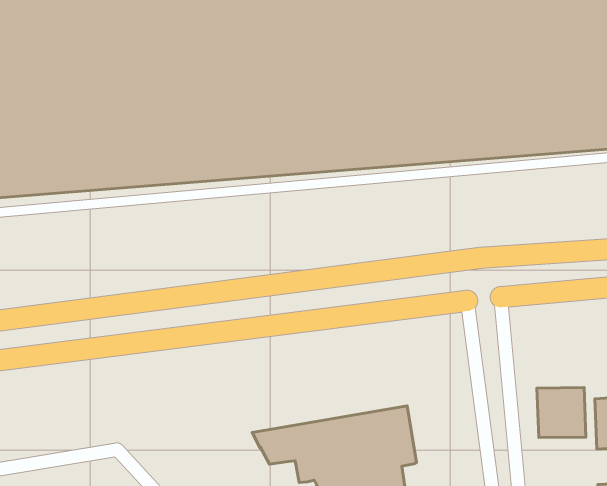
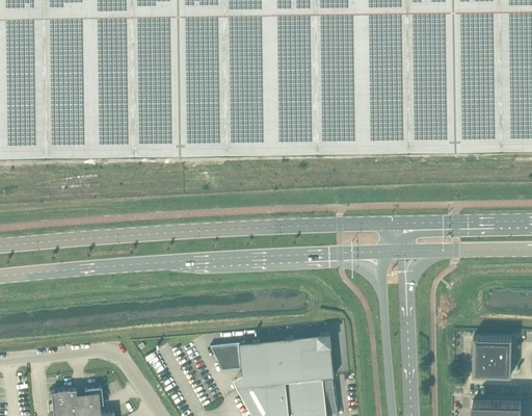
building: [537,388,586,438] -> none

